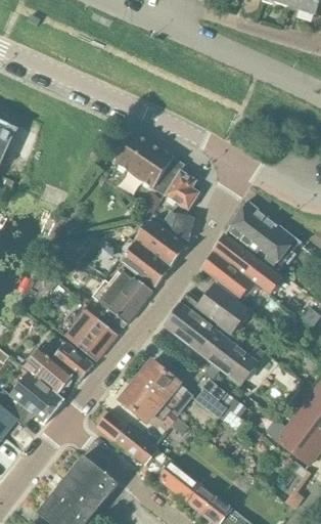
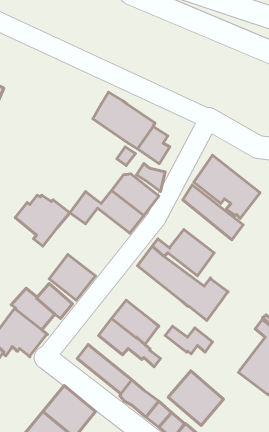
building: [202,253,255,298] -> none
building: [92,272,152,329] -> [15,195,70,246]
building: none -> [168,371,224,425]

